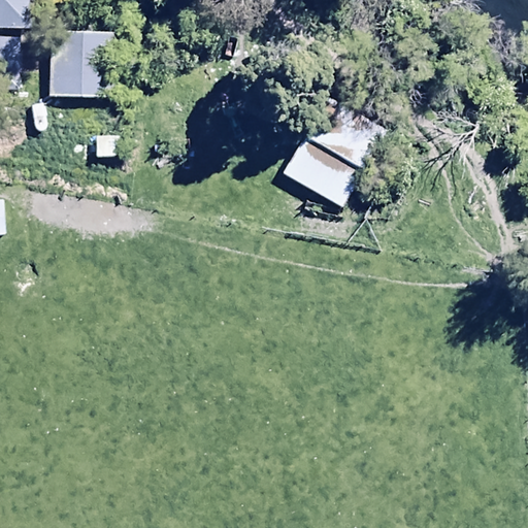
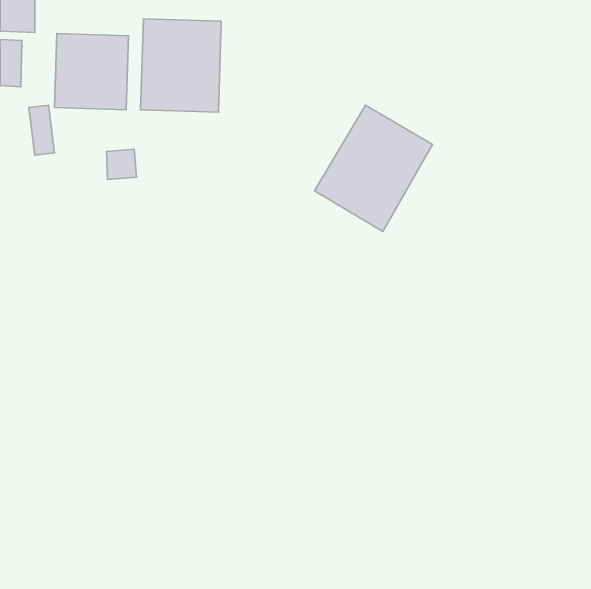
building: none -> [141,19,221,112]

